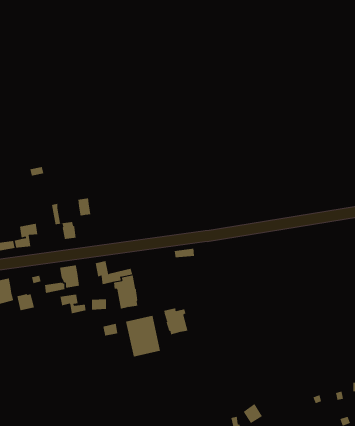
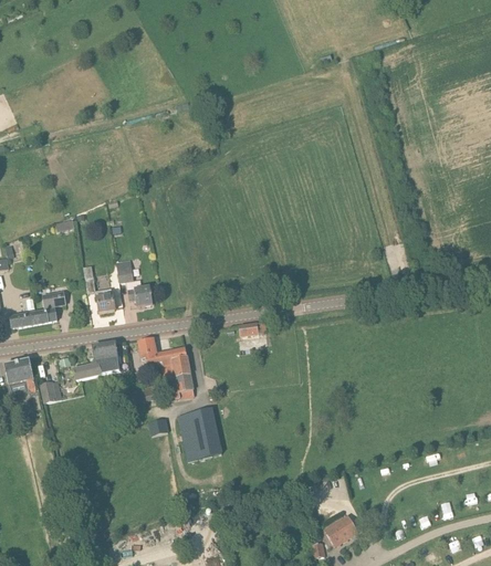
building: none -> [126,279,153,305]
building: [60,294,86,314] -> none
building: [164,308,188,335] -> none

